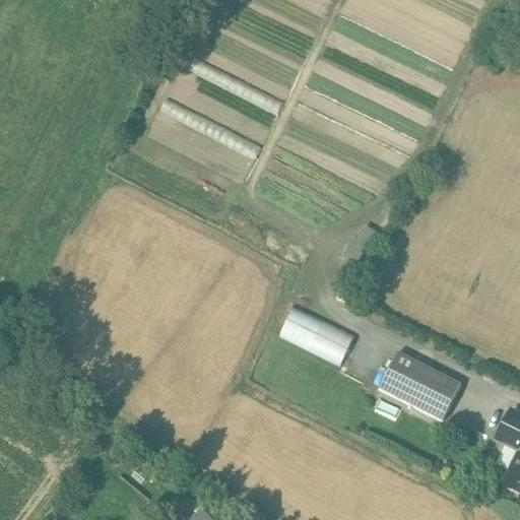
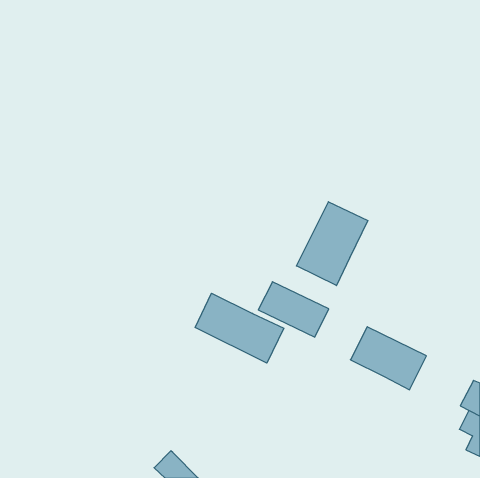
building: none -> [296,202,368,286]
building: none -> [195,293,284,363]

